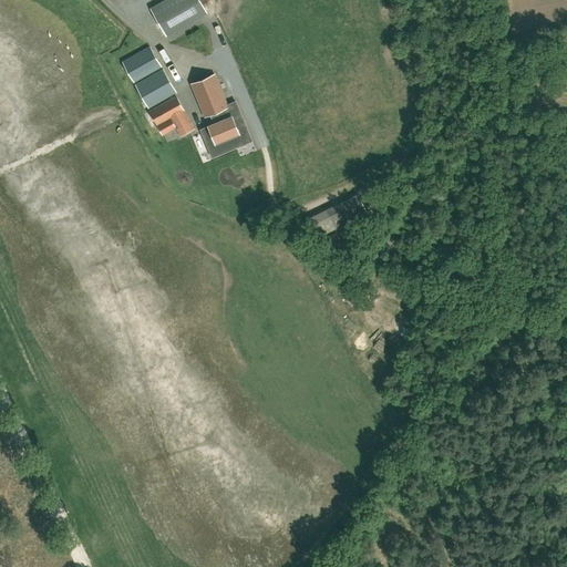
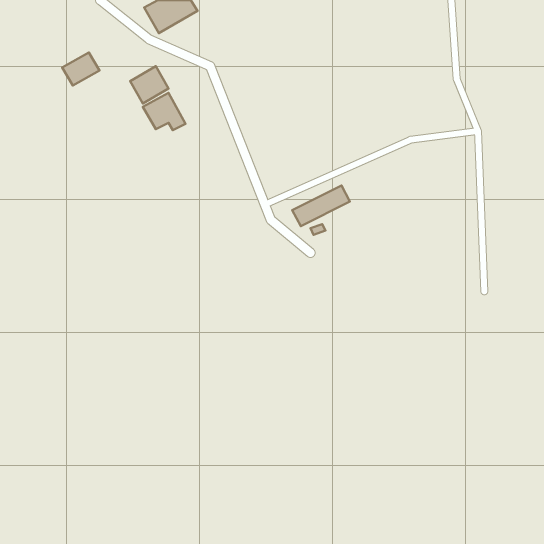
building: [122,48,161,82] -> [62,52,99,86]
building: [190,75,238,143] -> none

